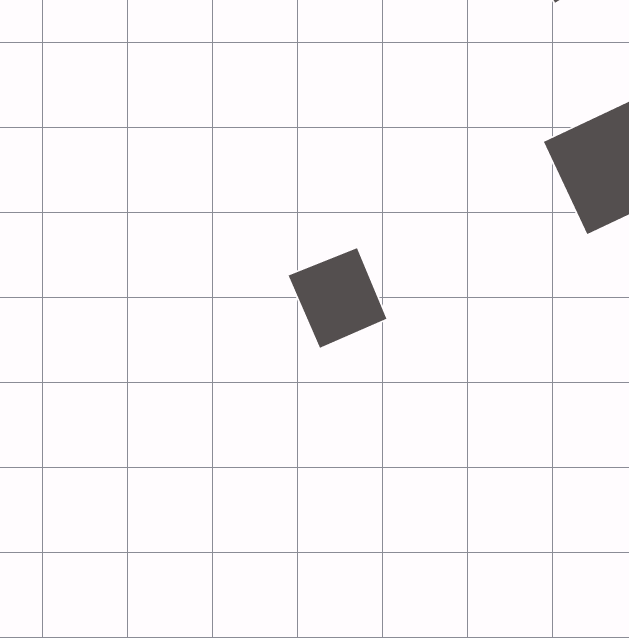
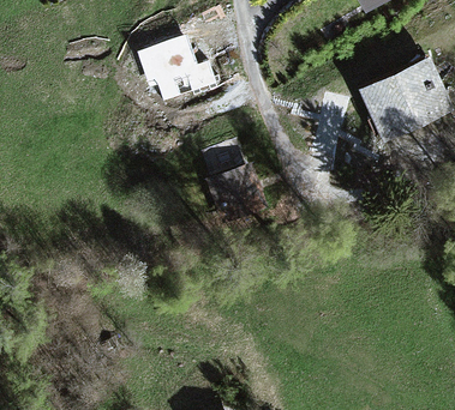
building: none -> [149,41,206,101]

